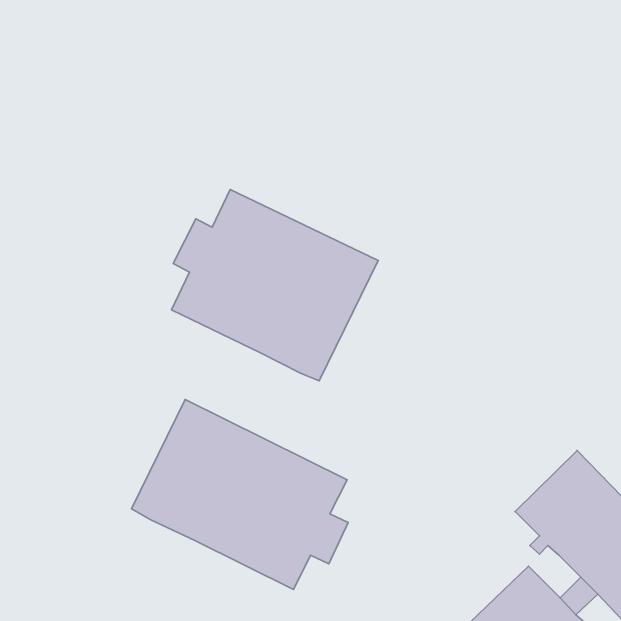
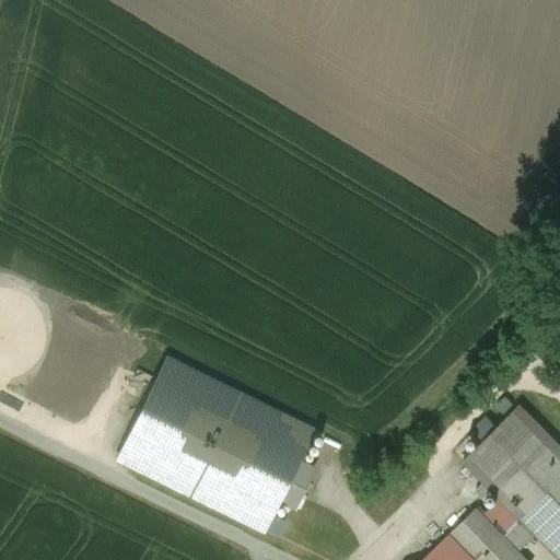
building: [171,190,378,381] -> none
building: none -> [485,500,523,538]

